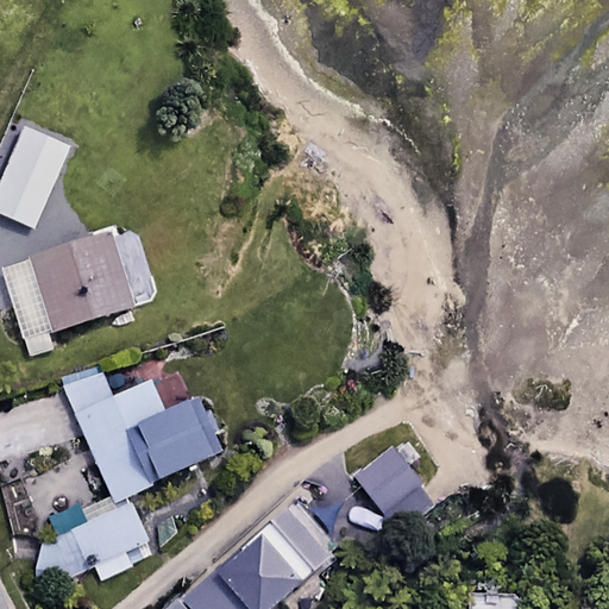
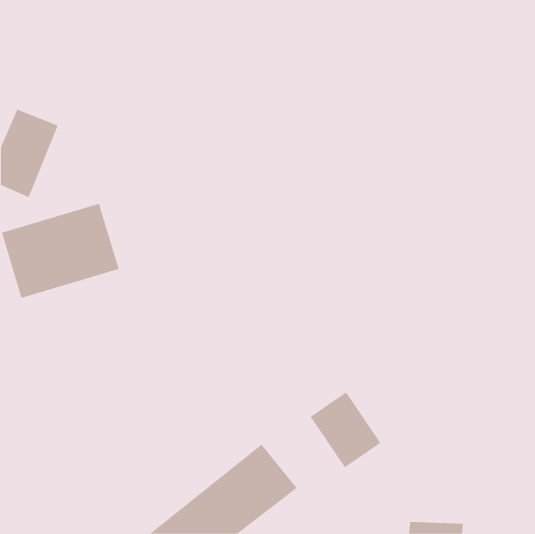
building: [63,370,227,501] -> none
building: [37,501,150,585] -> none

